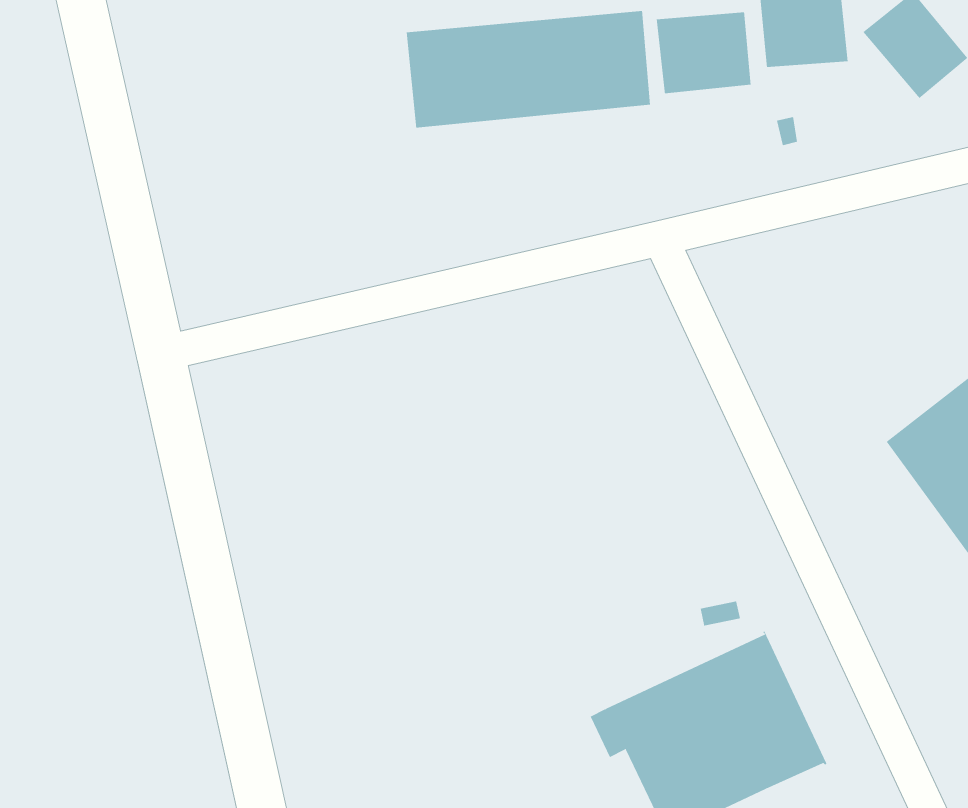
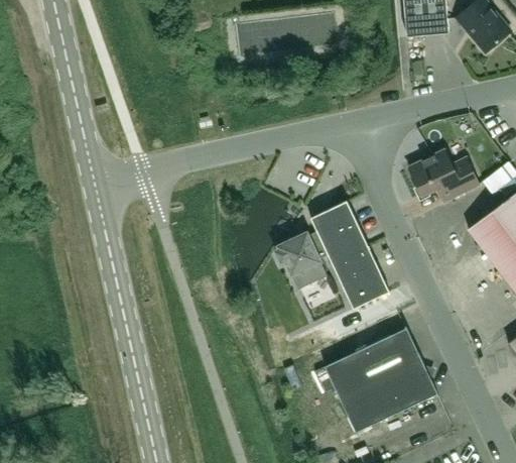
building: [656,11,751,94] -> none
building: none -> [408,150,479,202]
building: none -> [274,201,389,309]

